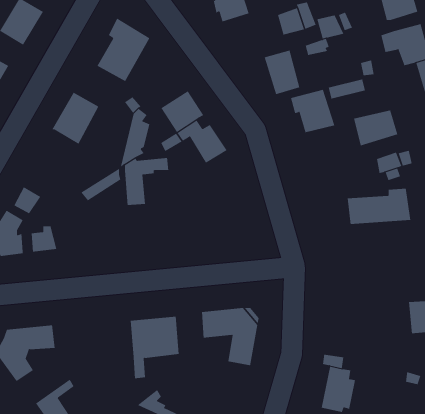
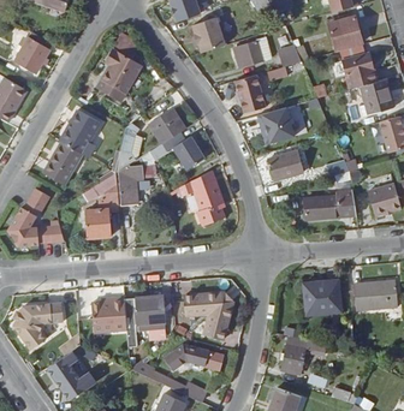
building: [353,110,398,146] -> [268,150,305,180]
building: none -> [44,141,83,183]
building: none -> [180,169,219,224]
building: none -> [85,193,119,238]
building: none -> [303,279,343,314]
building: none -> [93,296,127,330]
building: none -> [165,344,224,369]

